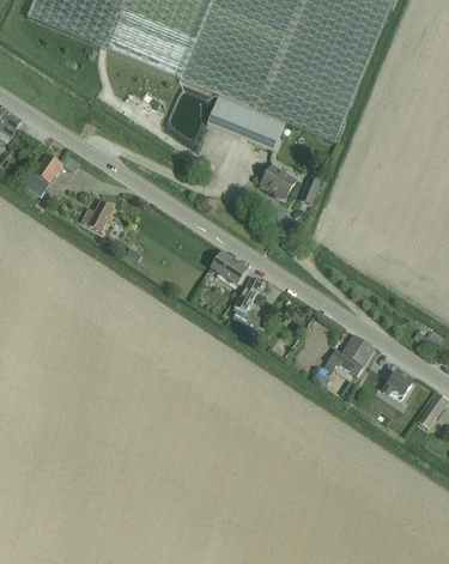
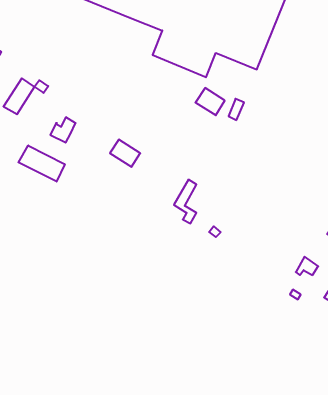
building: none -> [18,145,65,182]
building: [210,250,247,284] -> [110,140,140,167]
building: [322,335,372,375] -> none

